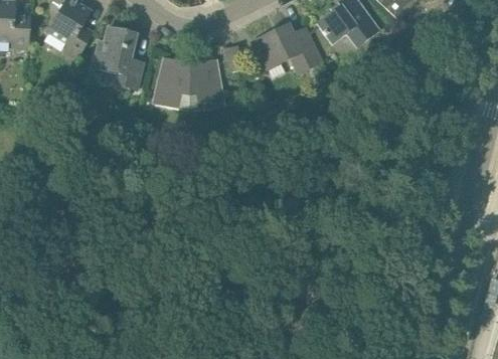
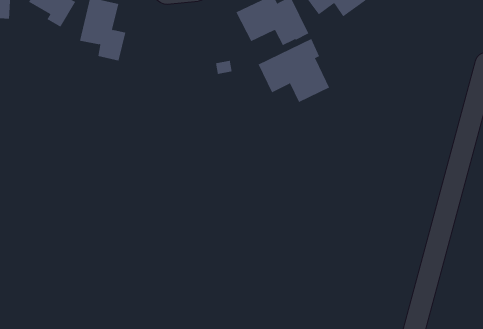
building: [151,57,223,112] -> none
building: none -> [258,38,330,103]

